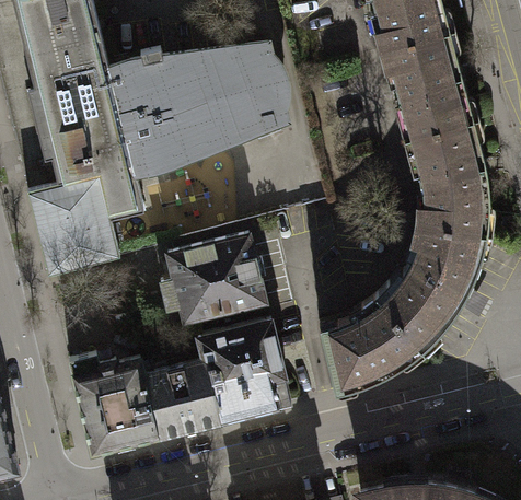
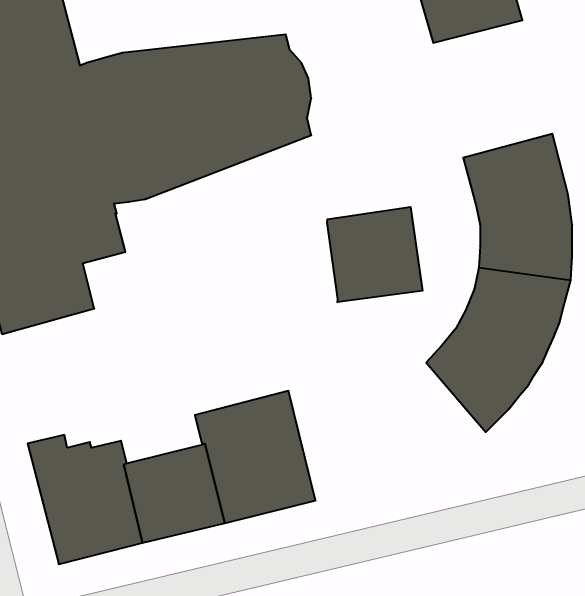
building: [382,34,474,140] -> none
building: none -> [327,207,423,302]
building: [161,234,266,322] -> none
building: [320,298,422,393] -> none

